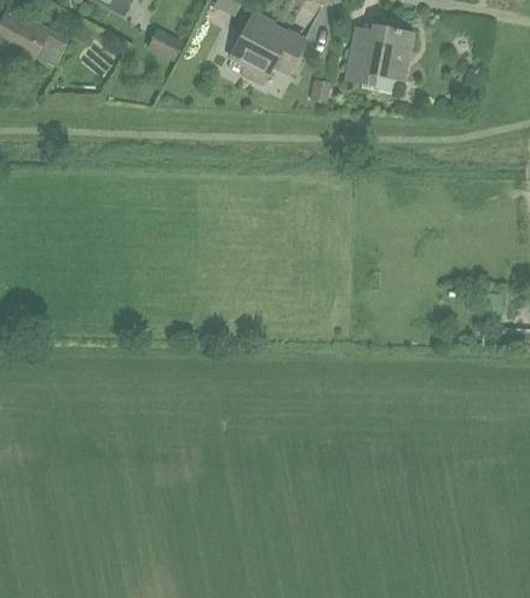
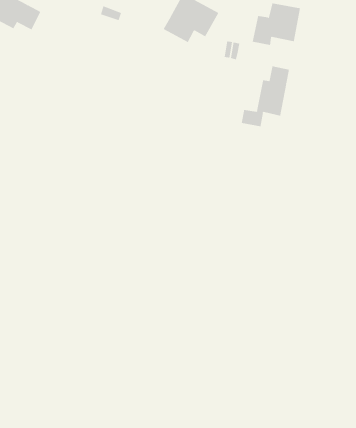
building: none -> [241,65,289,127]

